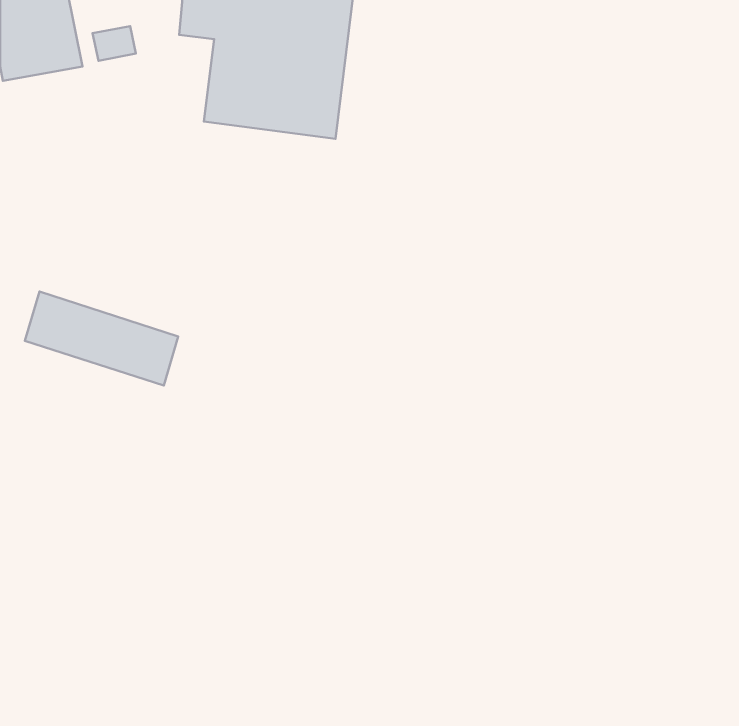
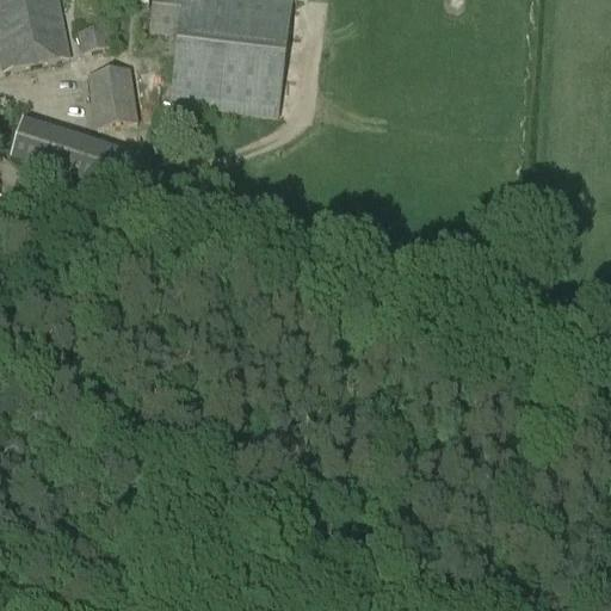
building: none -> [87,64,137,125]
building: [25,292,178,386] -> [11,115,137,192]

